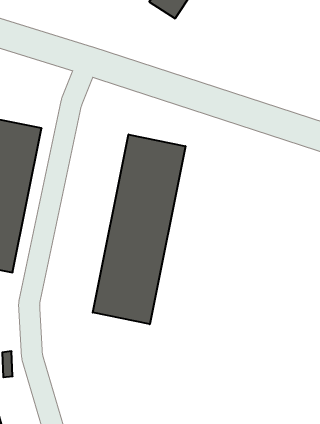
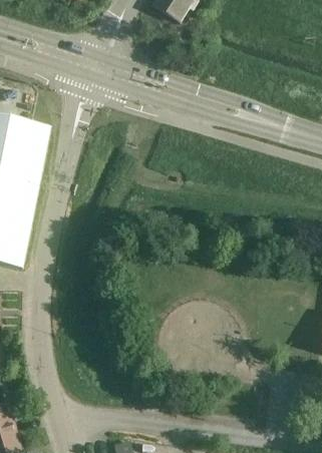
building: [93,134,185,324] -> none

